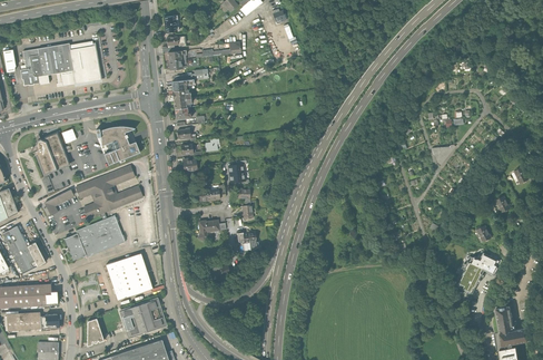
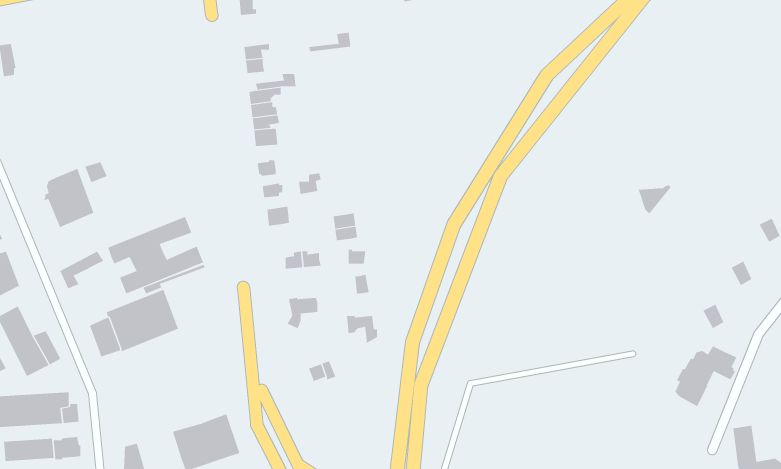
building: [21,41,100,87] -> none
building: [96,126,140,165] -> none
building: [106,254,152,300] -> none

